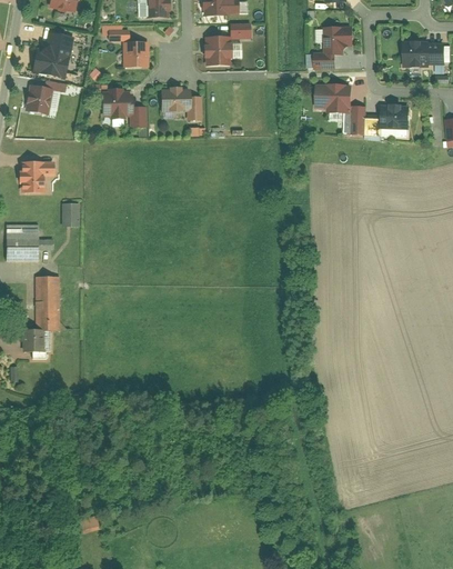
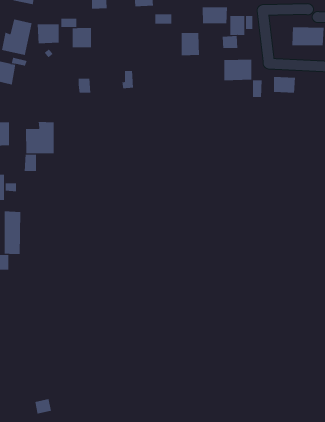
building: none -> [202,6,227,24]
building: [204,36,229,66] -> [181,32,200,56]
building: [161,87,189,111] -> none
building: [101,90,130,116] -> [37,24,60,44]
building: none -> [26,121,54,154]

